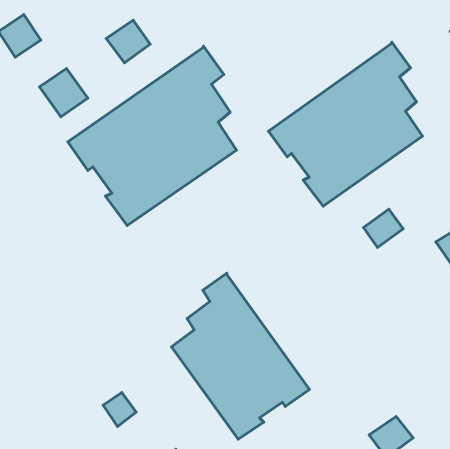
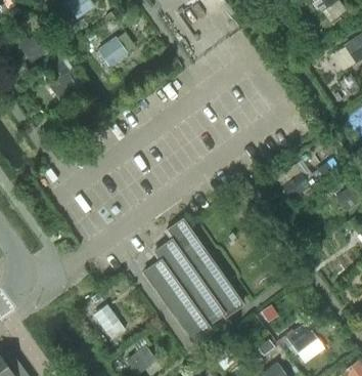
building: [269,42,423,206] -> none
building: [68,46,237,225] -> none

